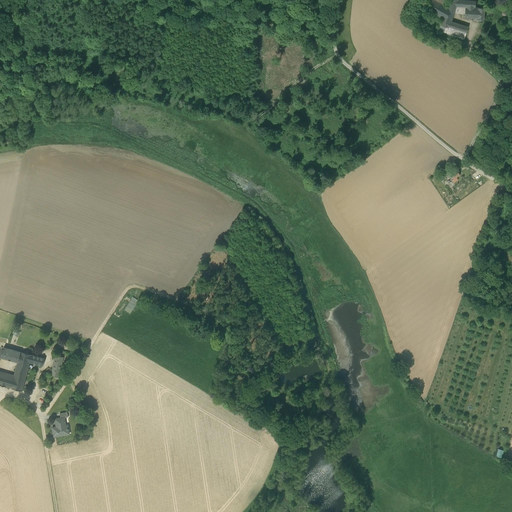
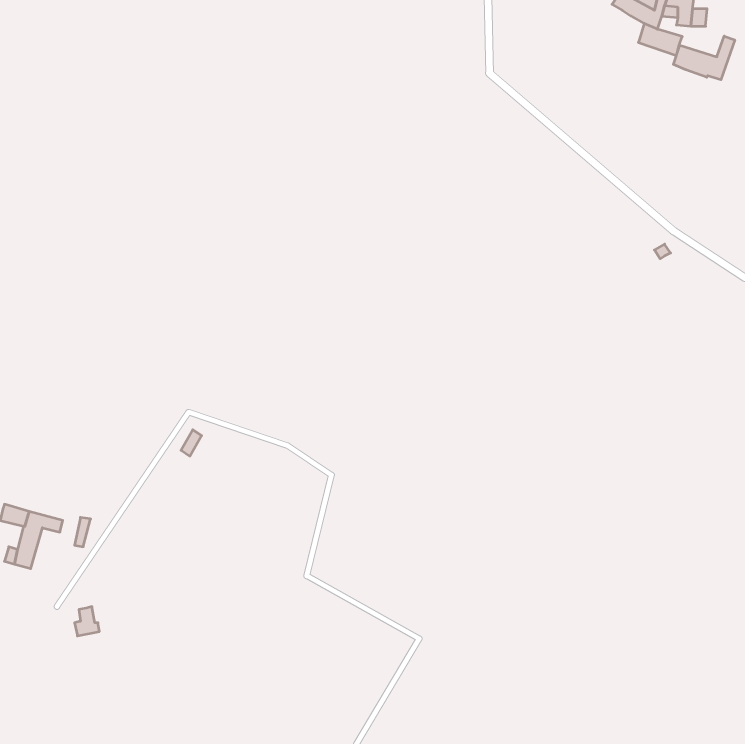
building: none -> [673,36,735,80]

